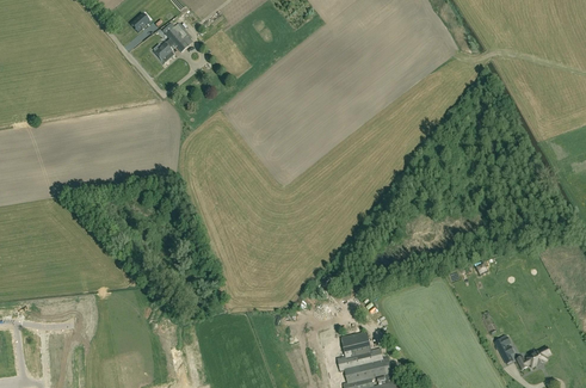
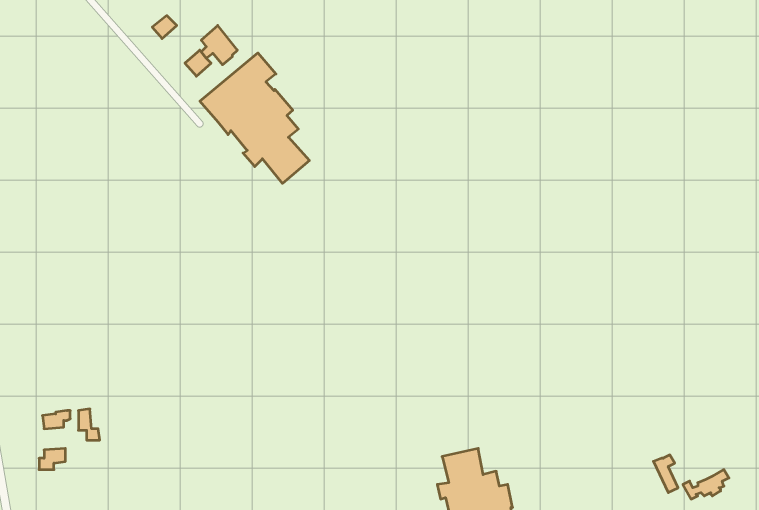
building: none -> [200,53,309,183]

